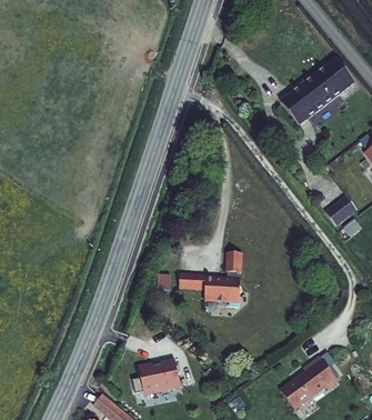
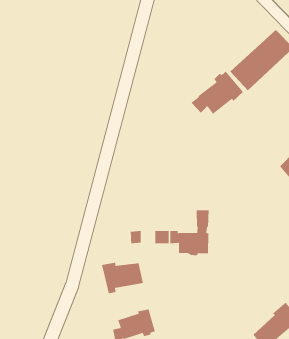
building: none -> [191,71,244,115]
building: none -> [101,262,144,294]

